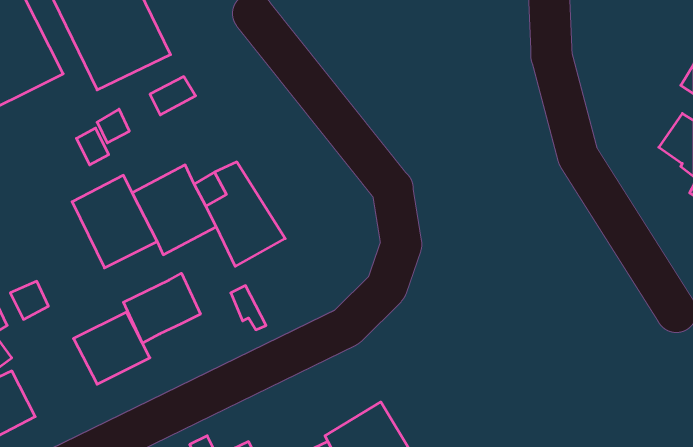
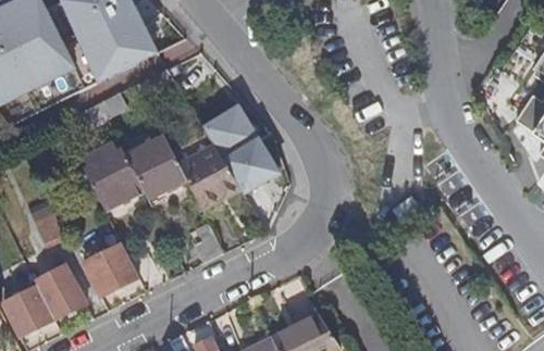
building: none -> [207,98,284,191]
building: [123,273,200,343] -> none
building: none -> [34,264,86,319]

